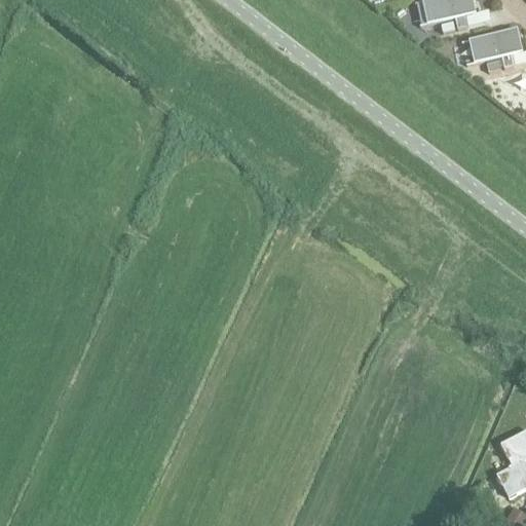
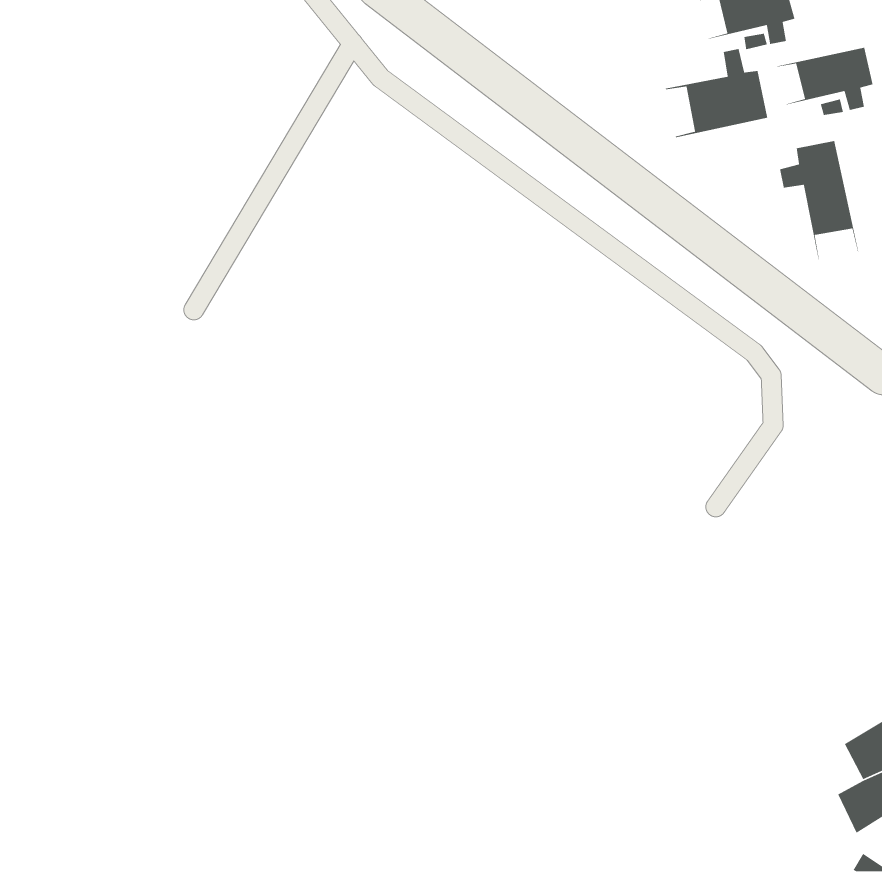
building: none -> [665,48,768,138]
building: none -> [779,140,859,261]

